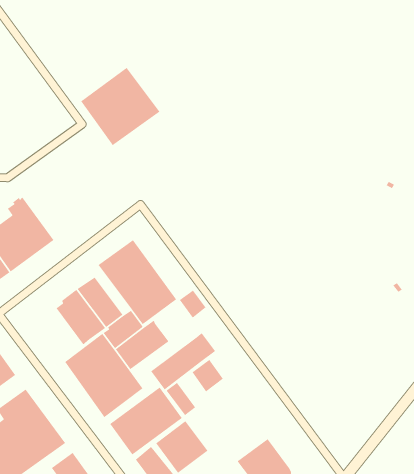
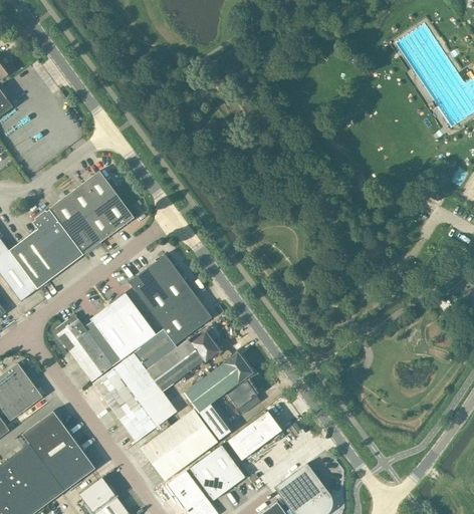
building: [80,67,160,146] -> [50,172,135,255]
building: [179,289,206,318] -> [190,332,219,362]
building: none -> [57,319,113,382]
building: none -> [227,411,282,461]

